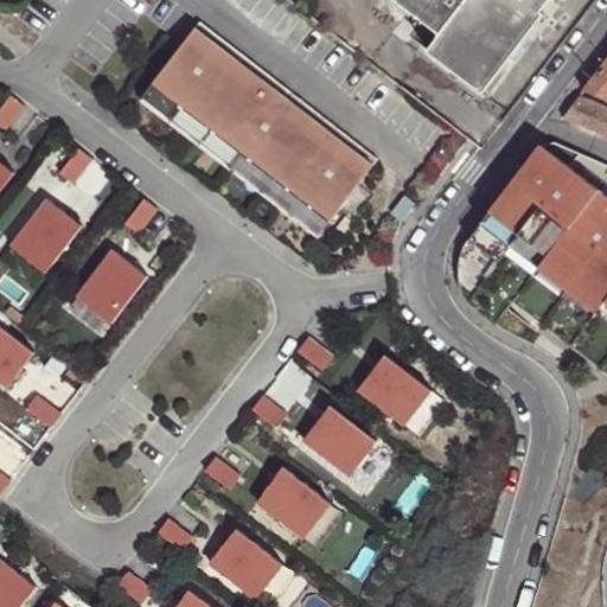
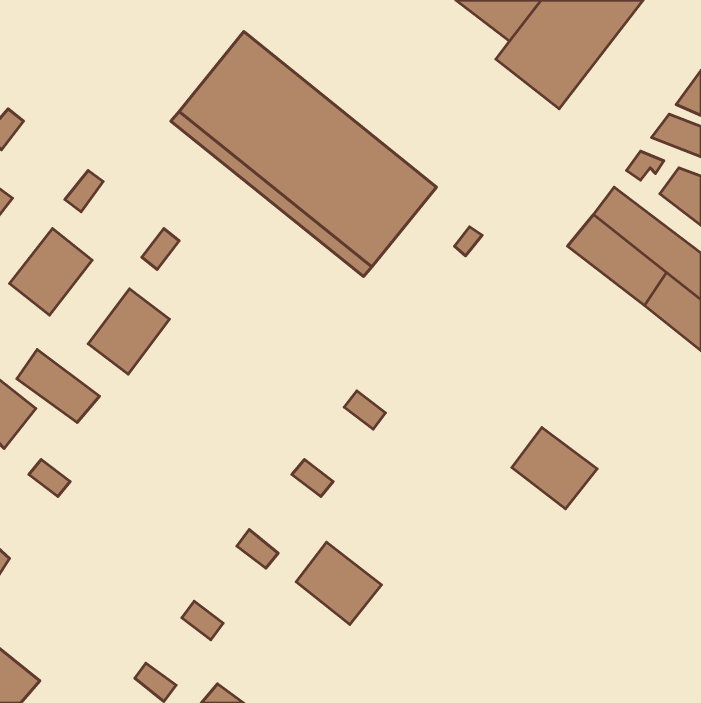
building: none -> [17,350,99,422]
building: [357,356,430,426] -> [512,428,597,509]
building: [302,405,376,477] -> none
building: [207,528,281,599] -> none

